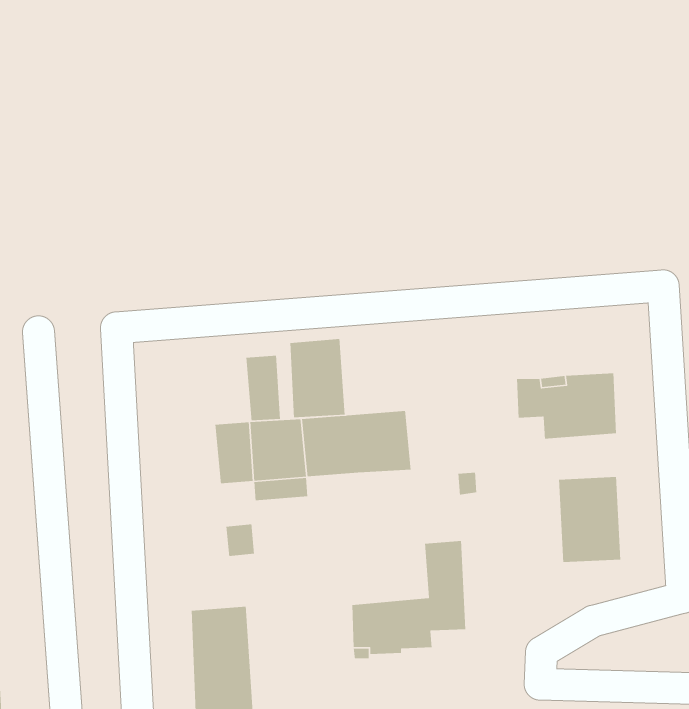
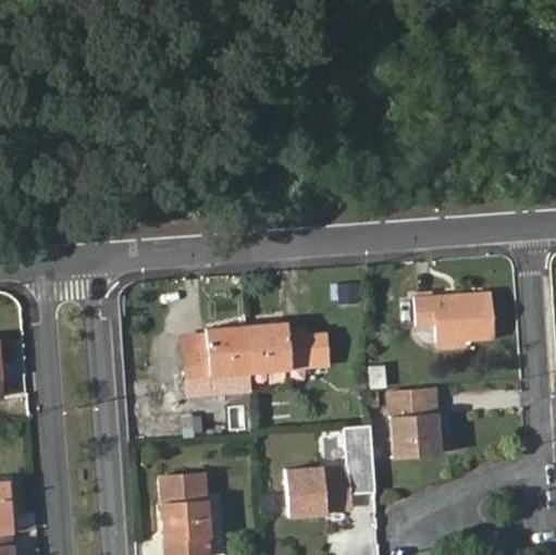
building: [290,338,345,418] -> none
building: [246,355,281,421] -> none
building: [558,476,621,563] -> [388,390,437,457]

